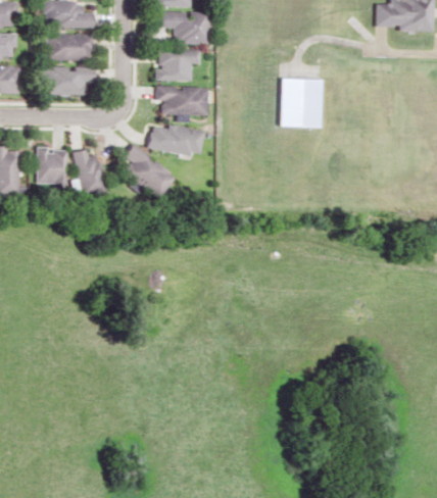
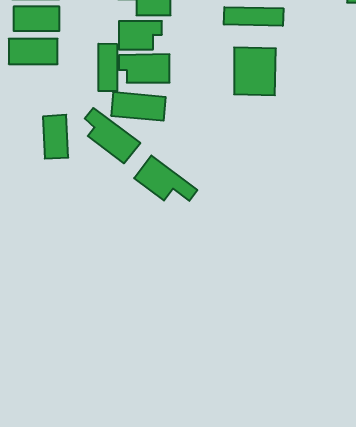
building: none -> [224,7,283,26]
building: none -> [98,44,117,91]
building: [39,150,68,185] -> none
building: none -> [134,155,197,201]

